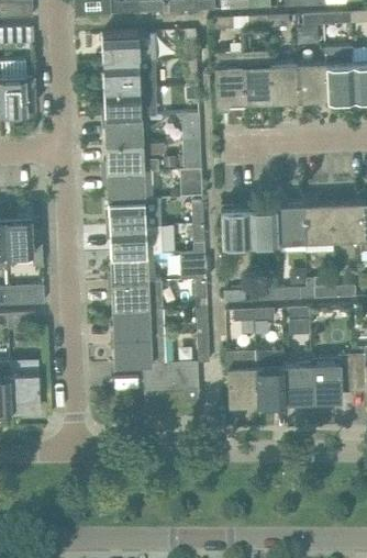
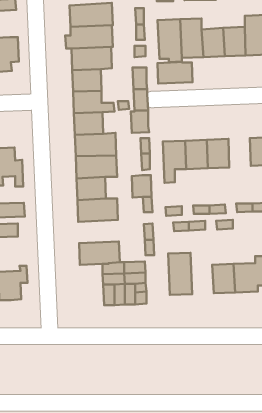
building: none -> [157,62,192,83]
building: [303,204,332,242] -> none
building: [112,309,164,338] -> none
building: [255,349,285,403] -> none

